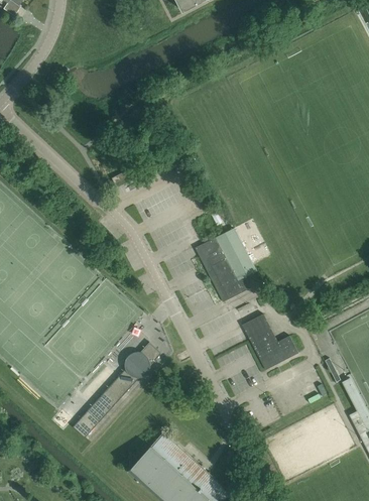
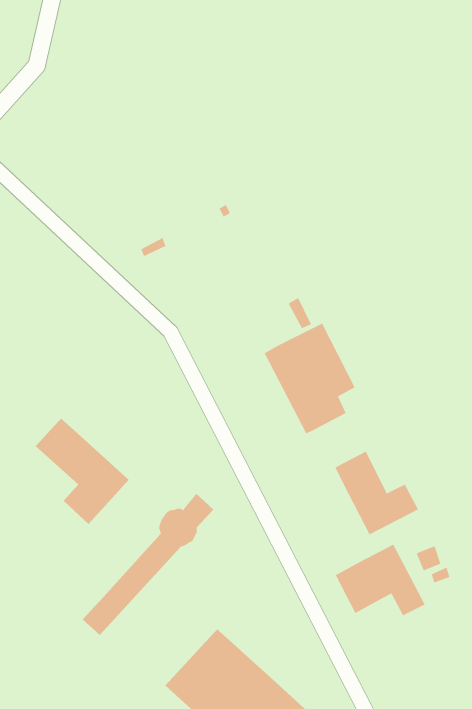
building: none -> [35,418,129,525]
building: none -> [335,544,425,616]

